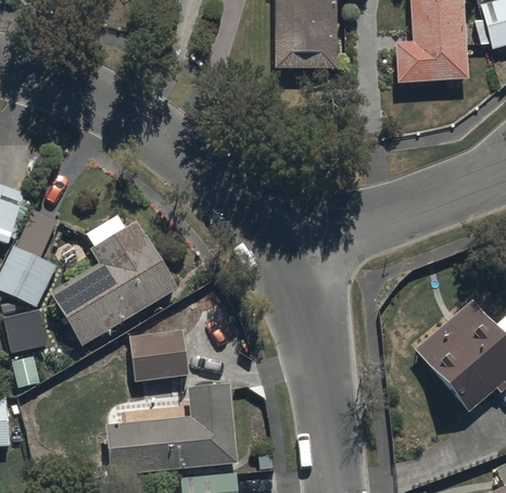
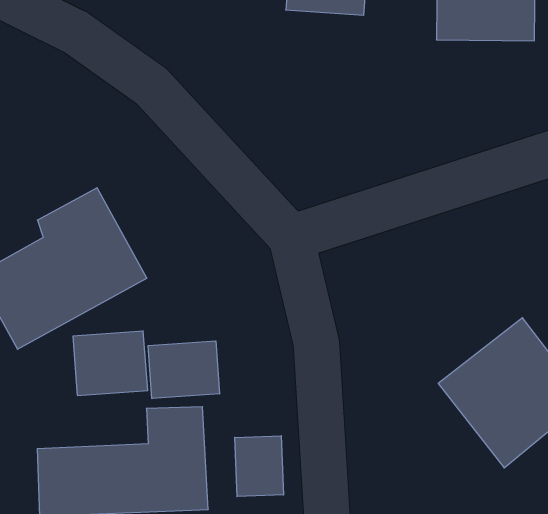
building: none -> [148,341,220,399]
building: none -> [235,436,284,497]

